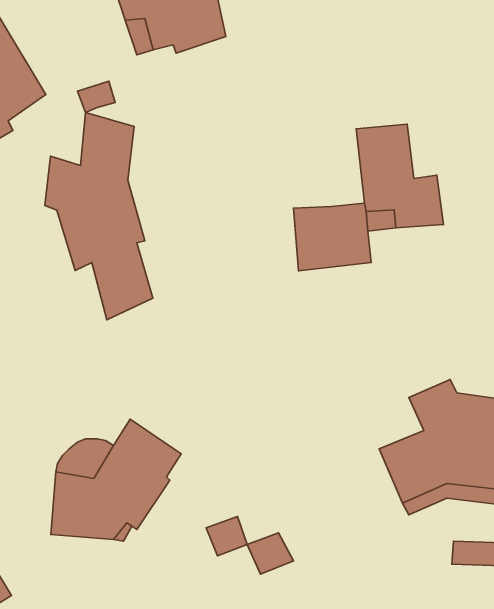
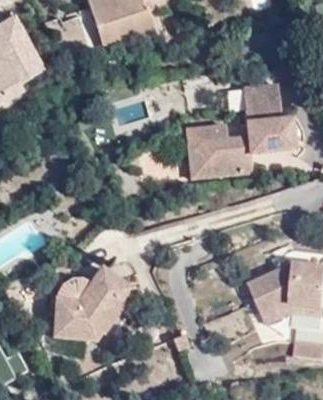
building: [45,112,153,320] -> none
building: none -> [178,125,221,176]

